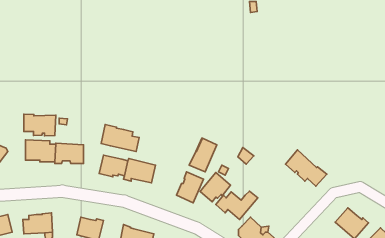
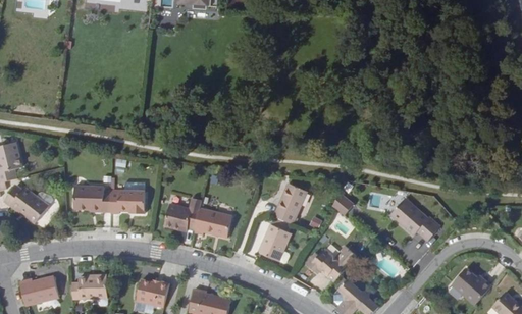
building: [24,114,56,136] -> none
building: [101,124,139,151] -> none
building: [200,173,231,202] -> none

